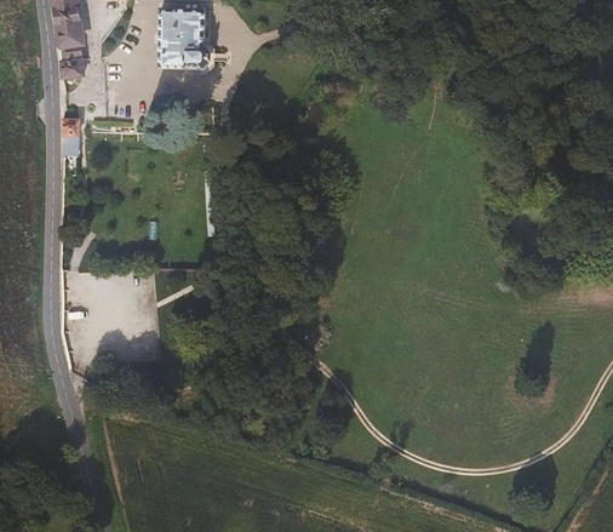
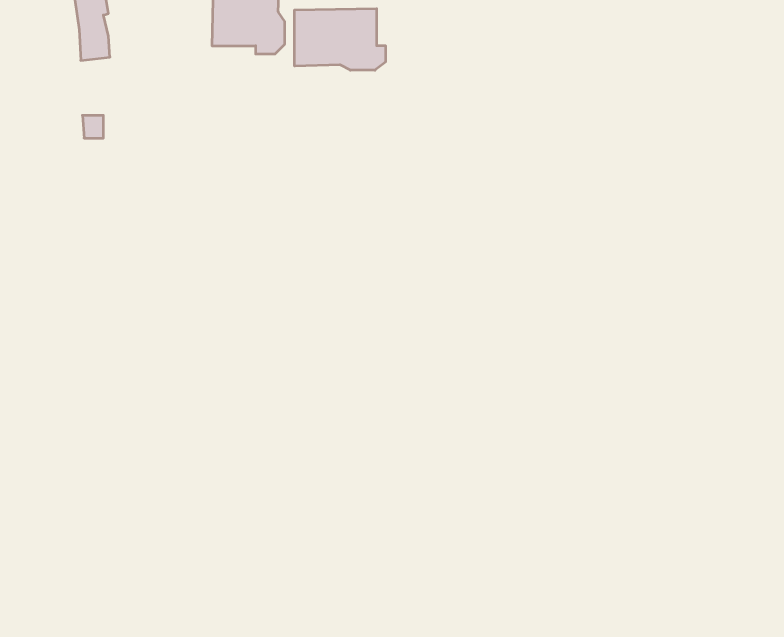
building: none -> [295,9,385,70]

